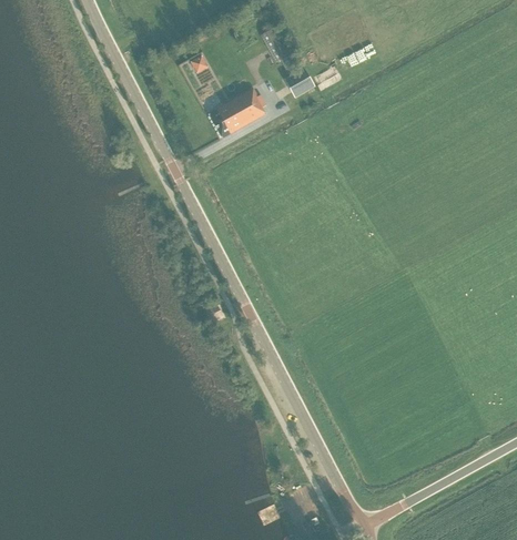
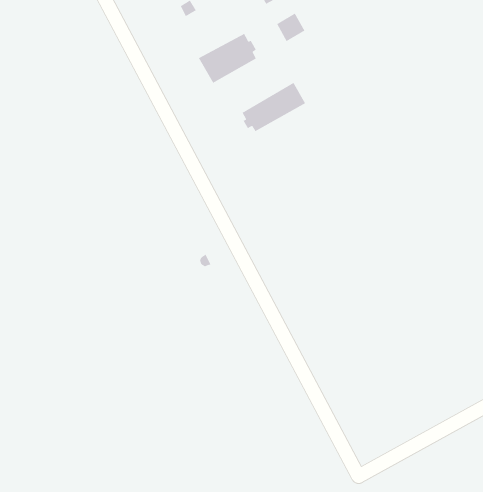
building: none -> [241,82,306,132]

